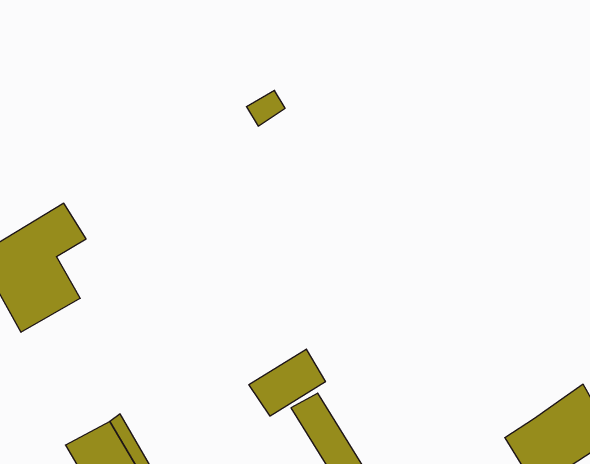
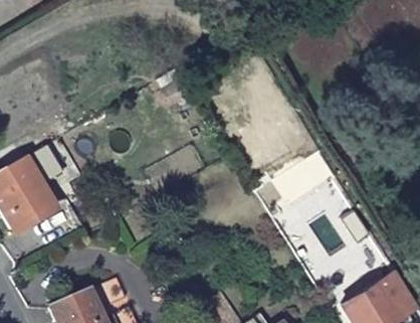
building: [249,349,325,416] -> none

